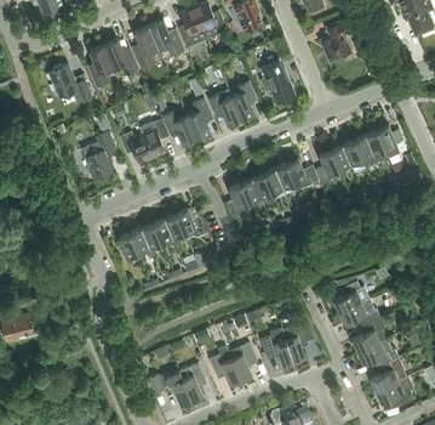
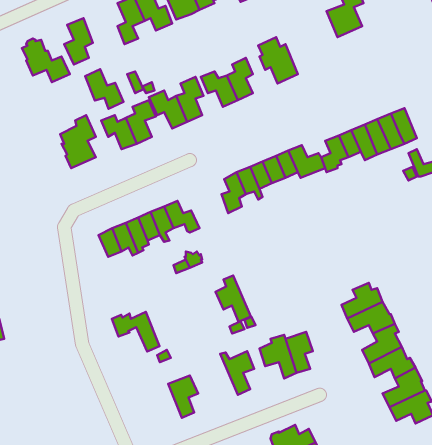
building: [104,38,138,73] -> [85,69,123,109]
building: [210,342,241,384] -> [215,276,251,322]
building: [149,369,191,404] -> [112,312,160,352]

